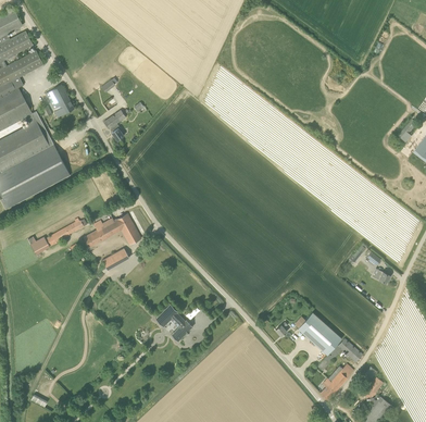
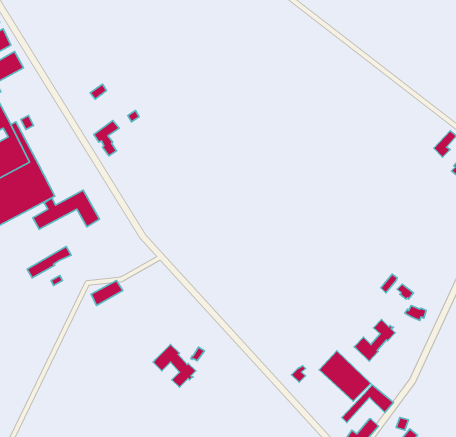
building: [45,86,73,119] -> none
building: [83,214,140,248] -> [33,190,100,229]
building: none -> [354,320,395,361]

